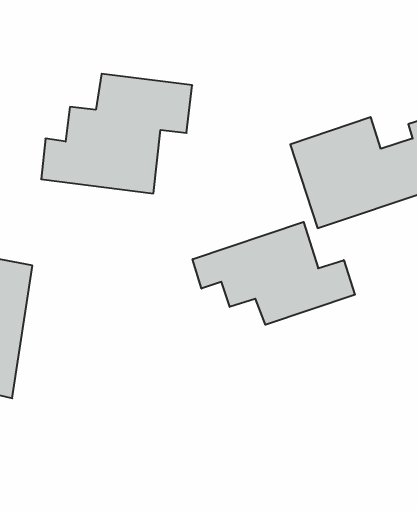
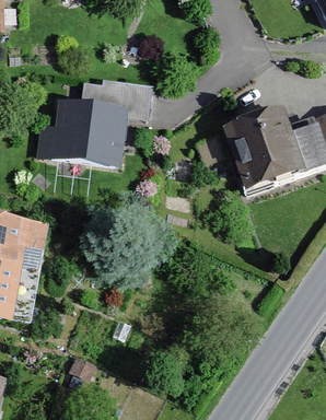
building: [193,222,355,325] -> none

